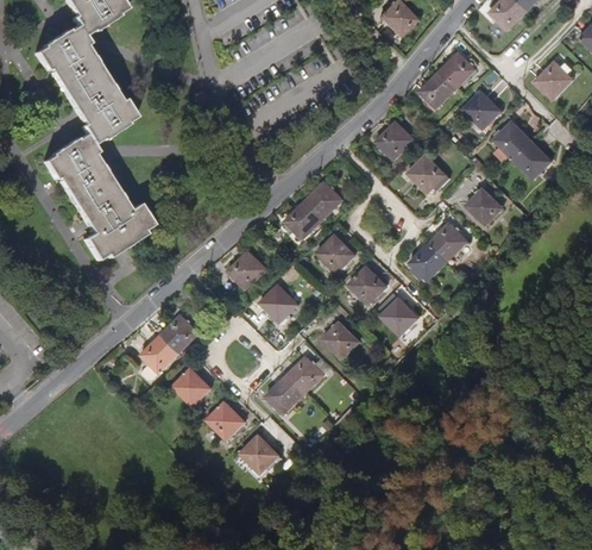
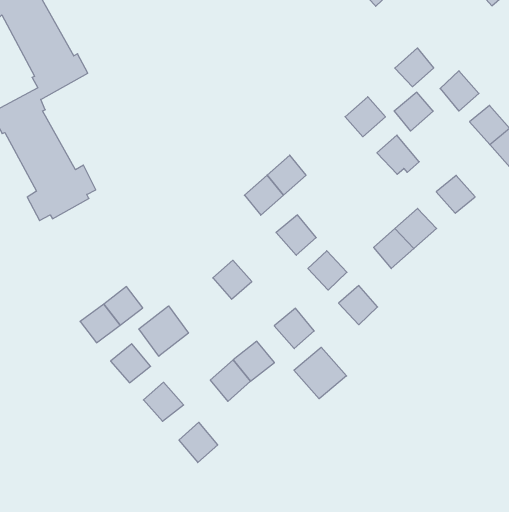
building: [441,52,478,89] -> [394,92,433,131]
building: [226,246,264,283] -> none
building: none -> [139,306,188,356]
building: none -> [294,347,347,399]

